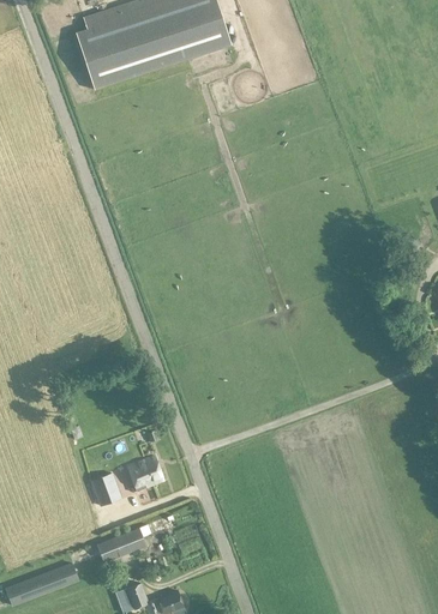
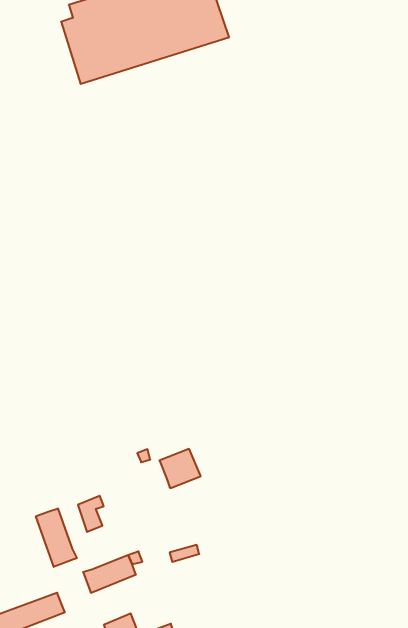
building: [126,455,164,490] -> [159,449,201,488]
building: none -> [36,508,77,567]

